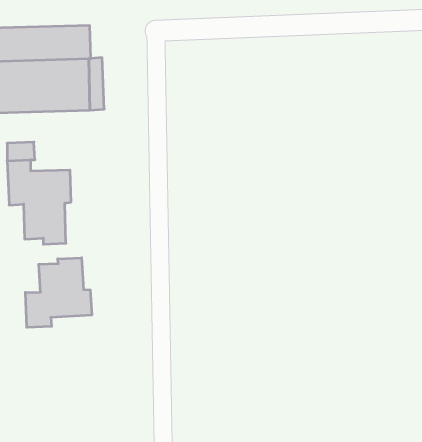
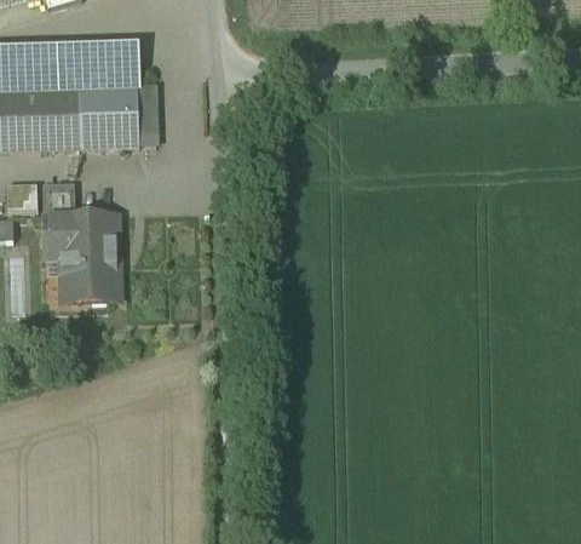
building: [25,258,92,327] -> none

